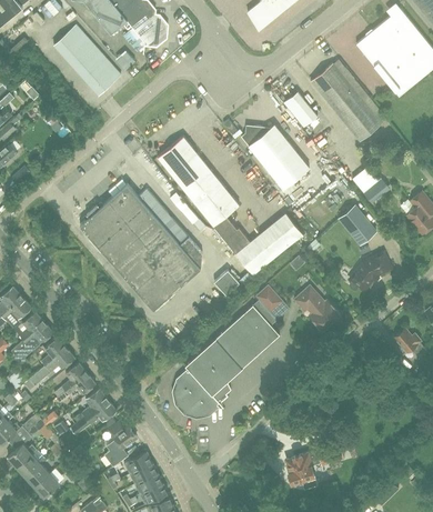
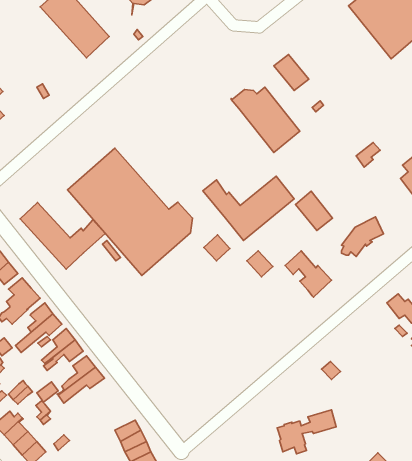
building: [310,63,381,141] -> none
building: [157,137,239,227] -> none
building: [339,205,375,244] -> [295,191,333,231]
building: none -> [20,202,105,269]
building: [173,305,279,415] -> none
building: [103,420,135,466] -> none

